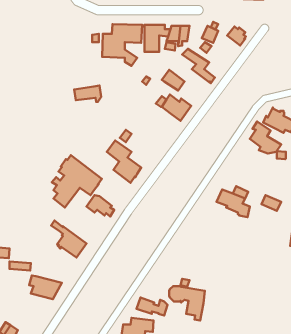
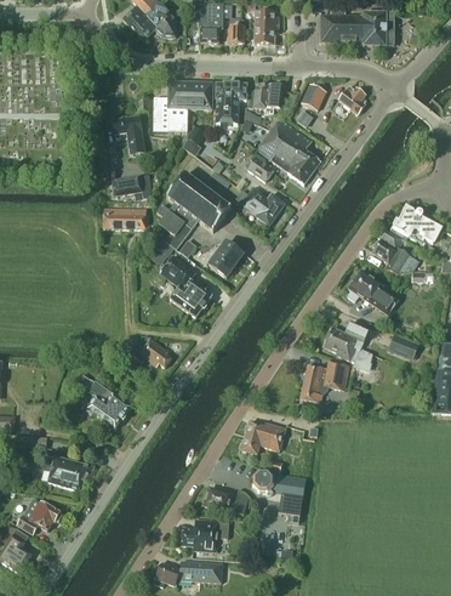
building: none -> [112,115,144,154]
building: none -> [257,127,314,185]
building: none -> [103,209,145,228]
building: none -> [209,242,241,277]
building: none -> [347,272,399,317]
building: [52,155,102,207] -> [156,172,230,250]
building: none -> [301,361,348,403]
building: none -> [241,421,286,454]
building: none -> [17,498,62,534]

